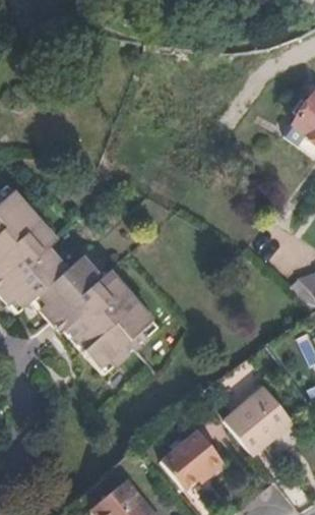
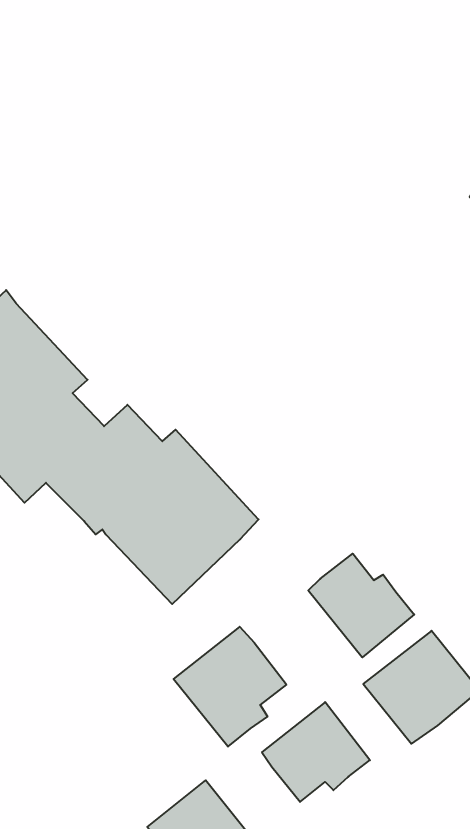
building: none -> [308,554,414,657]
building: none -> [174,627,286,747]

